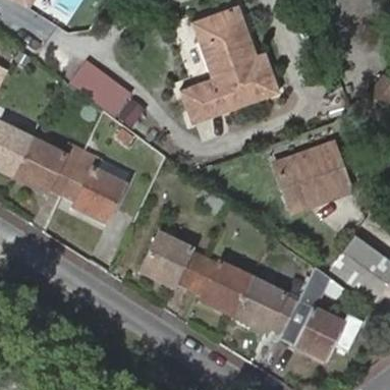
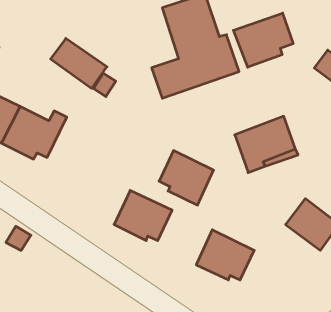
building: none -> [233,13,293,67]
building: [62,148,129,224] -> none
building: [188,254,250,316] -> [159,151,214,205]
building: [280,265,361,360] -> none

